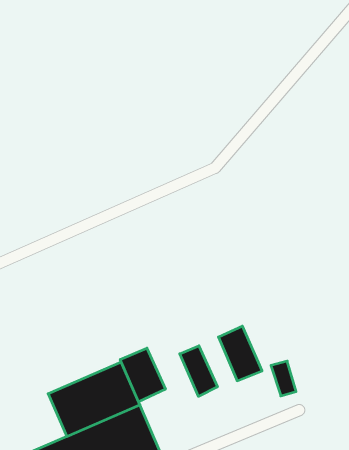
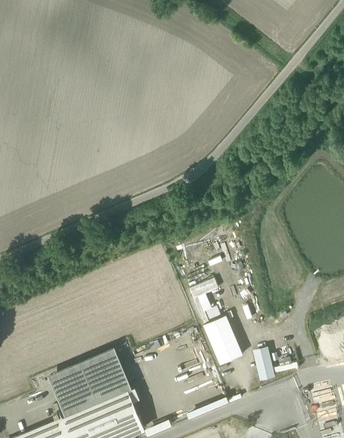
building: [180,346,217,396] -> none
building: [120,348,165,402] -> none

